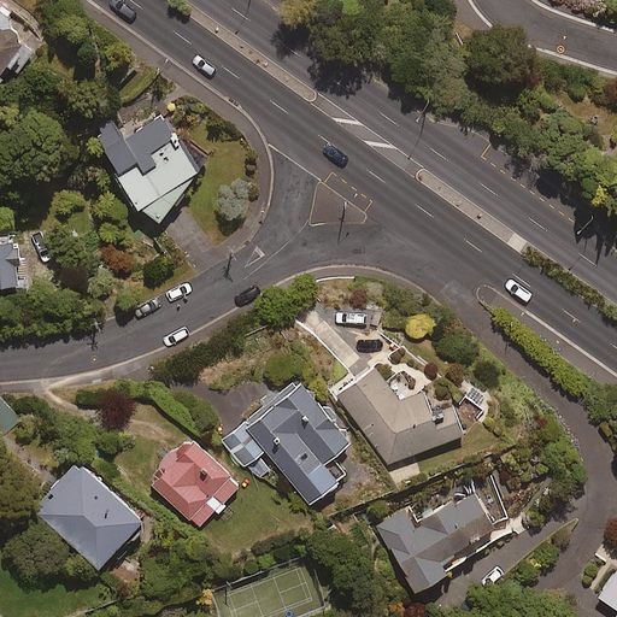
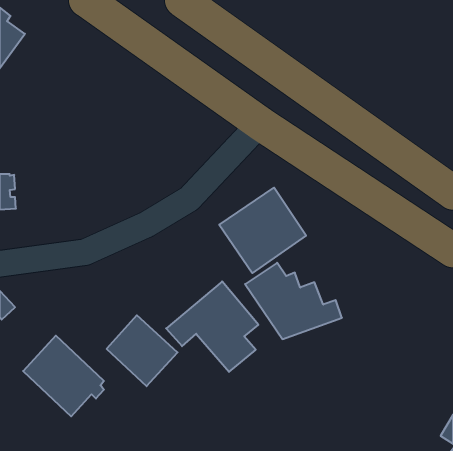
building: [101,116,204,231] -> none
building: none -> [219,188,306,273]
building: [376,480,515,588] -> none

